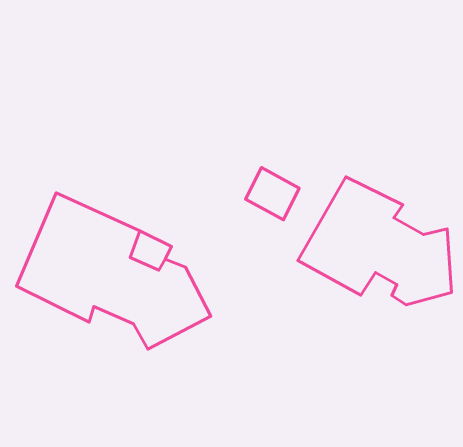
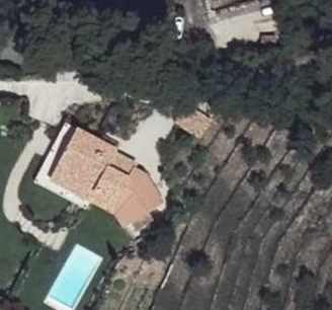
building: [298,177,452,305] -> none

